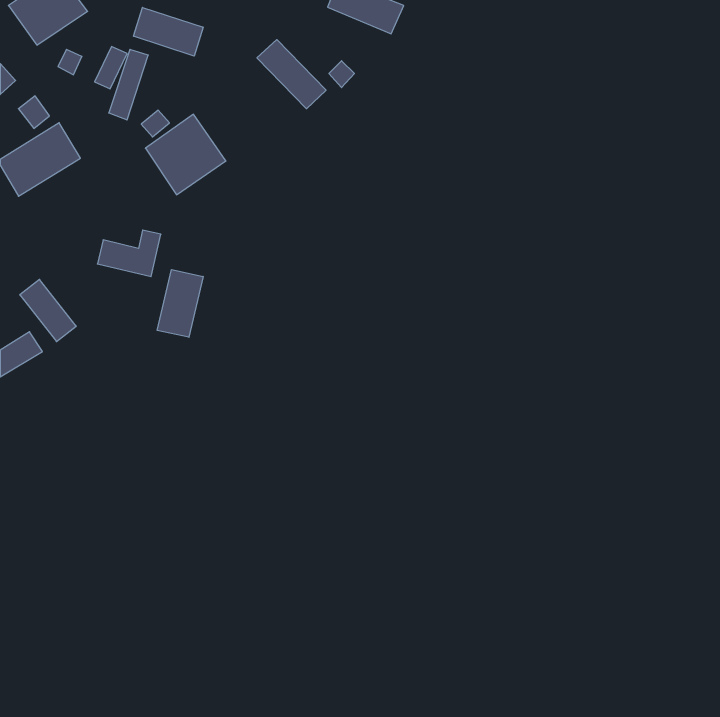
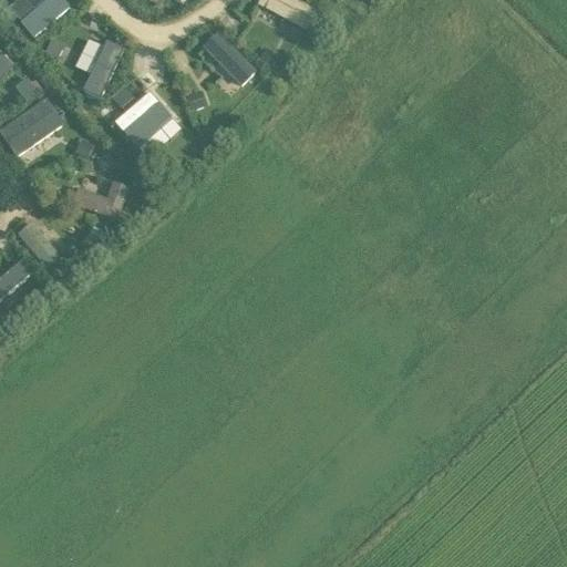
building: [134,7,203,56] -> none
building: [157,270,203,337] -> none

